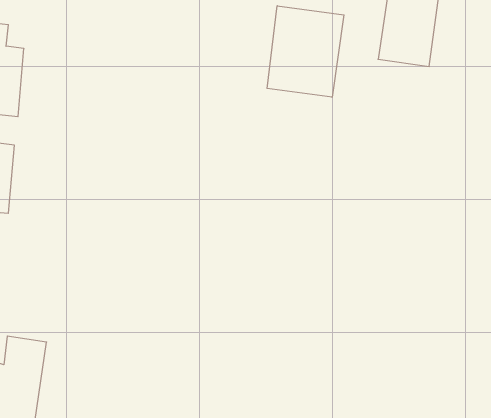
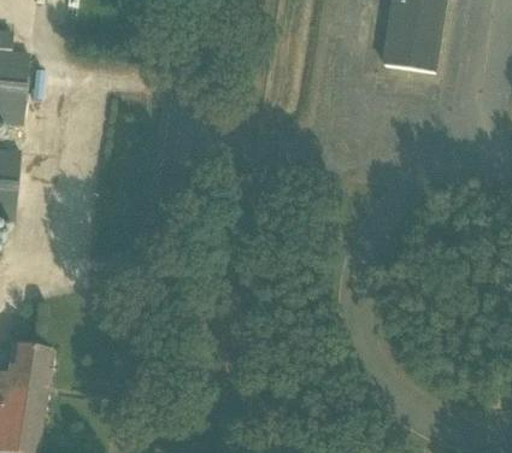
building: [267,6,344,97] -> none

